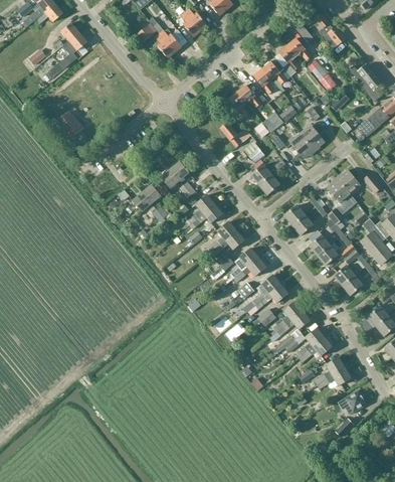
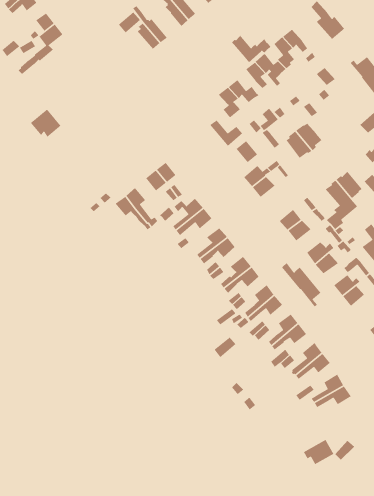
building: none -> [231,35,272,63]
building: none -> [281,262,322,307]
building: [337,389,366,414] -> [303,439,334,465]

